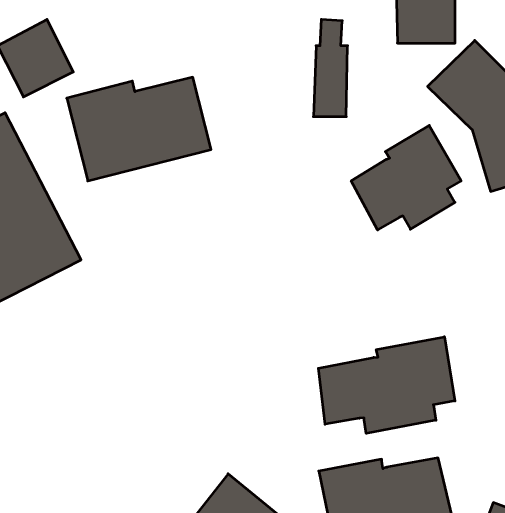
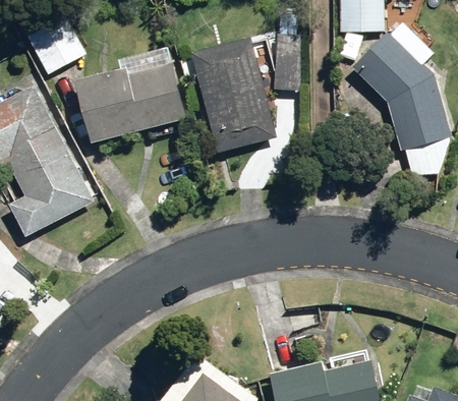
building: none -> [186,41,273,157]
building: [351,125,461,230] -> none
building: [318,337,455,433] -> none

